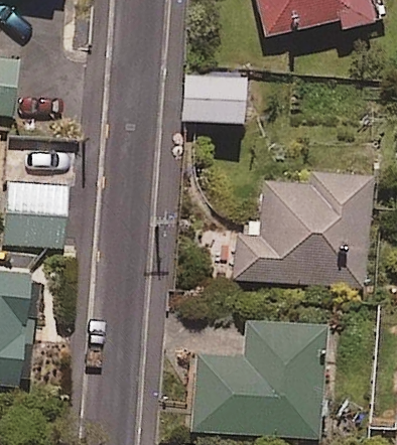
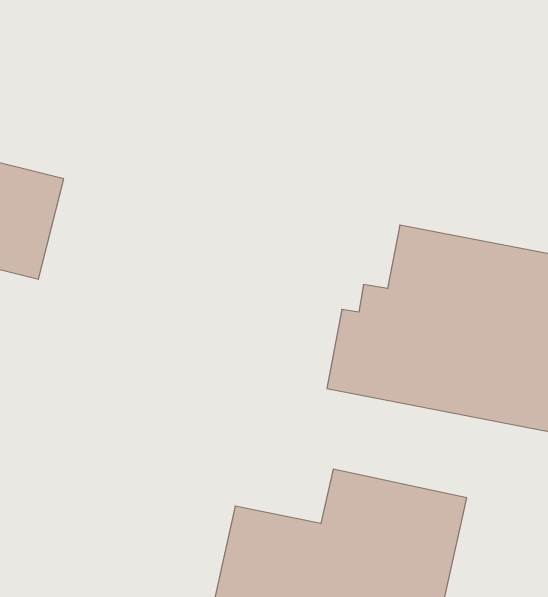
building: [183,67,248,126] -> none

